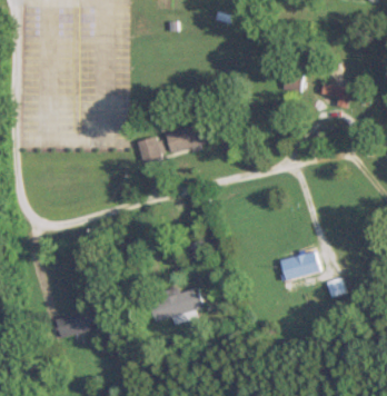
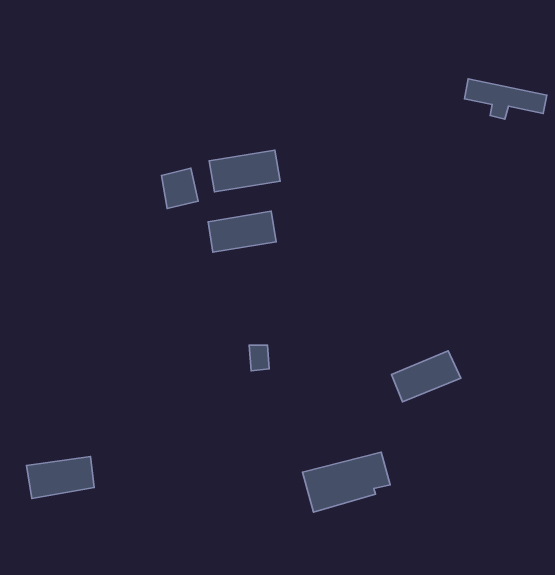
building: none -> [208,211,276,252]
building: [147,289,200,326] -> [303,452,390,512]

